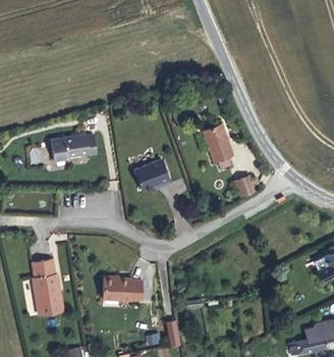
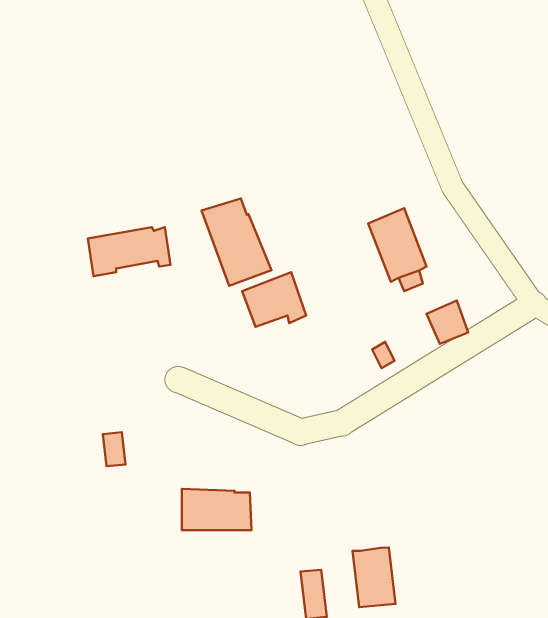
building: none -> [201,198,272,286]
building: [31,259,63,315] -> none
building: none -> [352,548,396,607]

